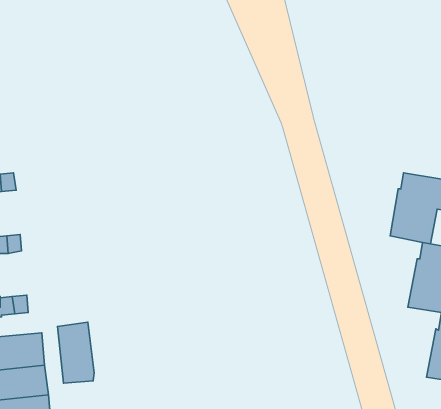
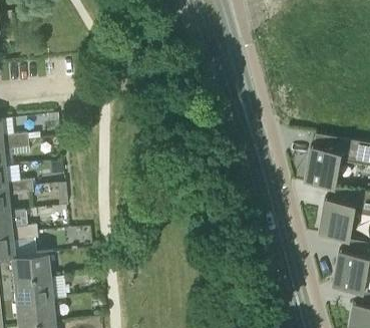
building: [57,322,94,383] -> none

